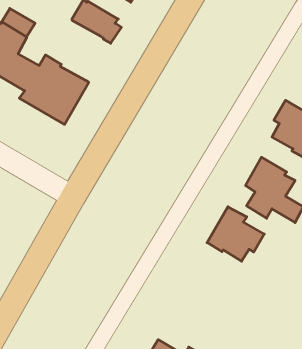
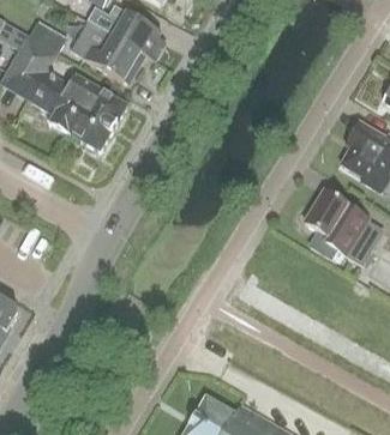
building: none -> [68,19,140,83]
building: [207,207,264,261] -> none

